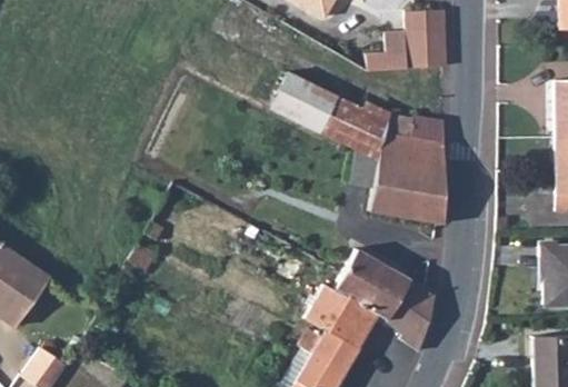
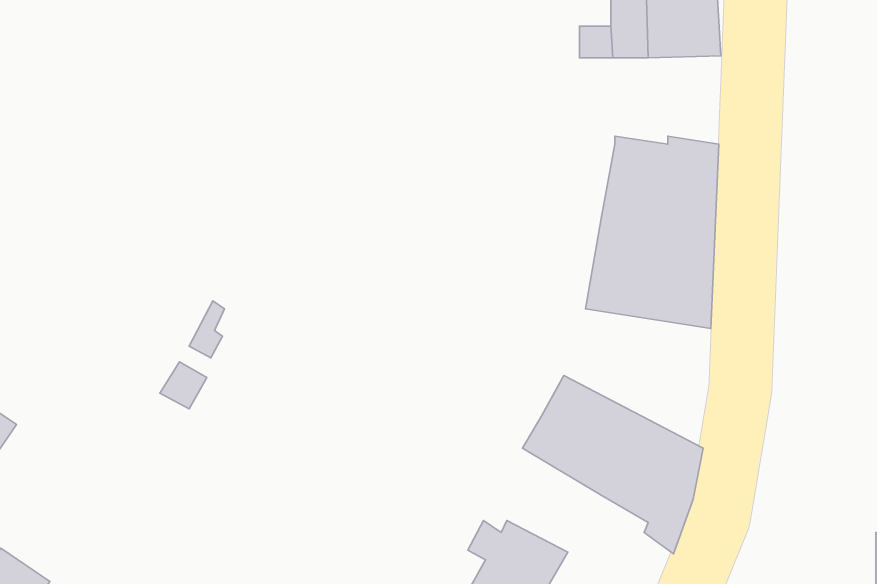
building: [275,73,387,160] -> none
building: [305,285,379,349] -> none

